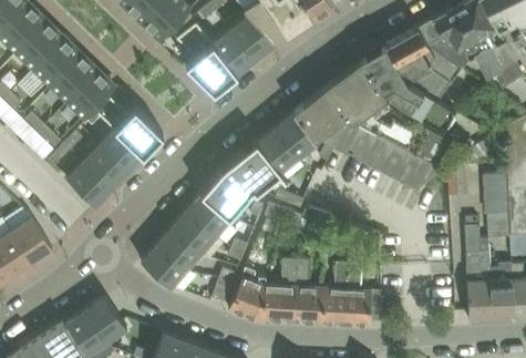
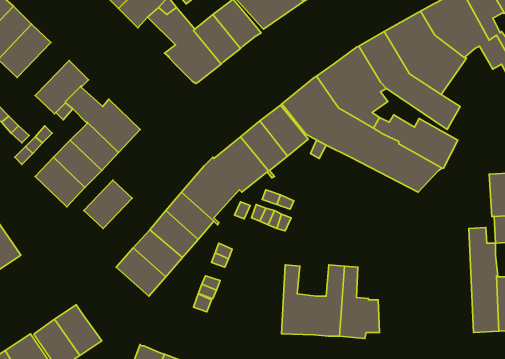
building: [51,55,99,104] -> none
building: none -> [84,180,132,228]
building: [229,258,297,323] -> none

